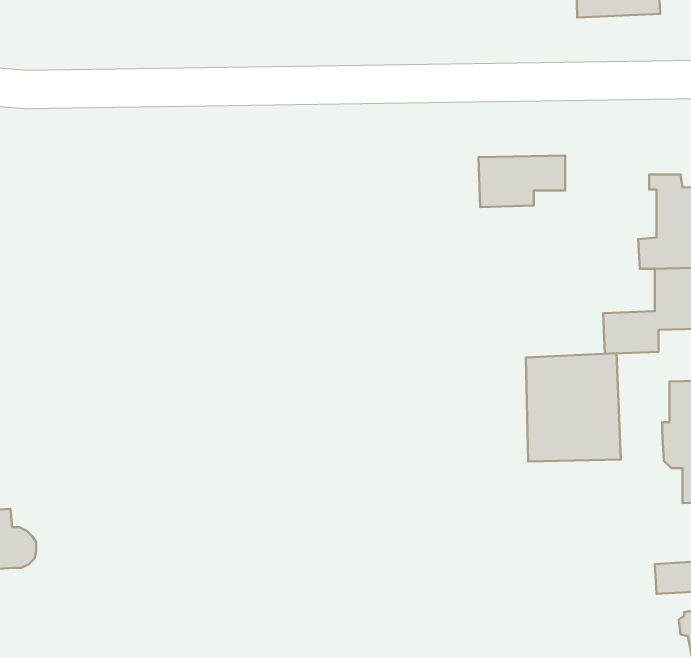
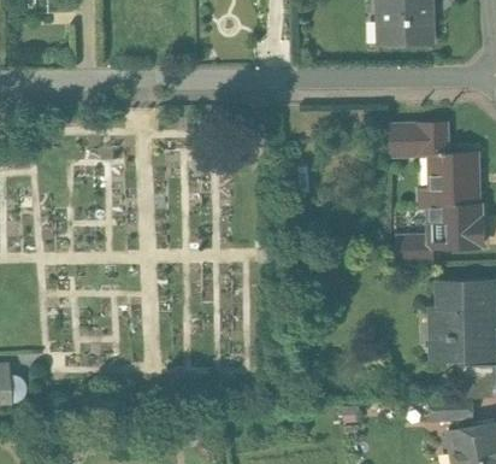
building: [478,155,565,207] -> [389,123,445,157]
building: [526,353,621,462] -> none

